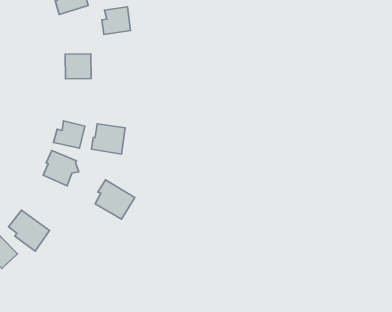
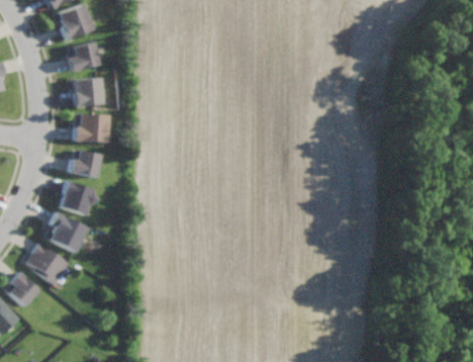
building: [102,7,131,35] -> [68,41,98,72]
building: [91,124,125,154] -> [75,114,108,144]
building: [95,180,135,219] -> [48,212,88,252]

